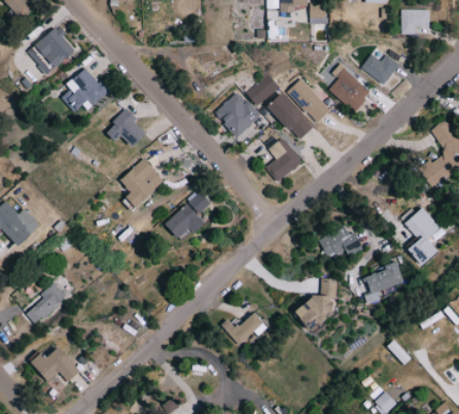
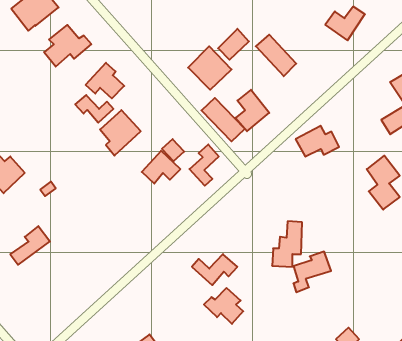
building: [329,64,370,116] -> none
building: [268,94,314,140] -> [201,98,245,141]
building: none -> [75,95,113,123]
building: none -> [189,144,219,186]
building: [318,226,364,258] -> [296,126,339,157]
building: [364,262,404,305] -> [293,252,331,292]
building: [32,347,81,382] -> none
building: none -> [204,288,243,324]

